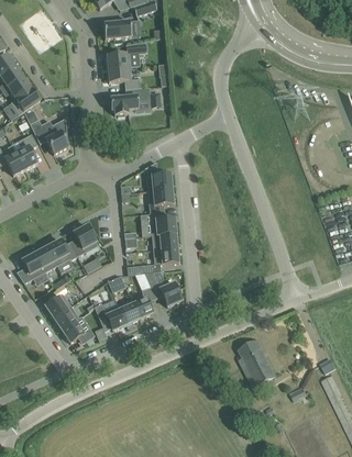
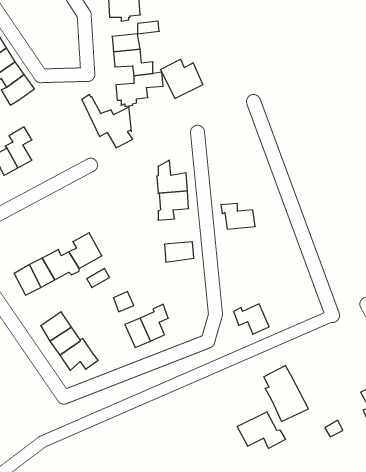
building: none -> [161,59,203,99]
building: [24,107,68,153] -> [82,94,133,148]
building: [146,212,176,234] -> [221,204,255,229]
building: [147,246,178,272] -> none
building: [151,279,182,305] -> [234,304,269,334]
building: [96,303,127,330] -> none
building: none -> [237,412,286,448]

